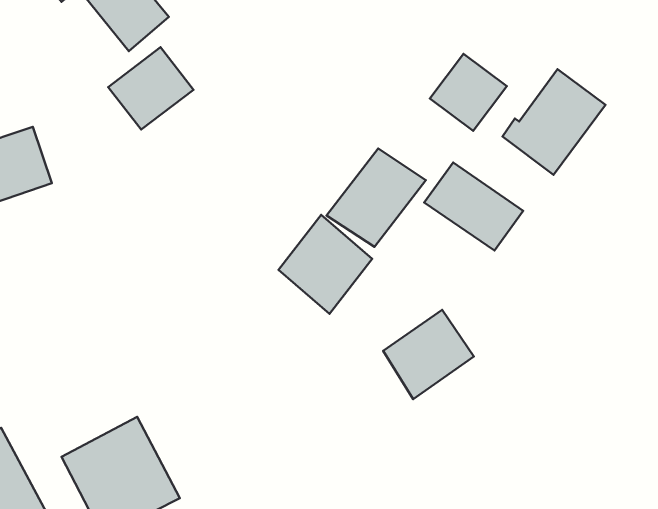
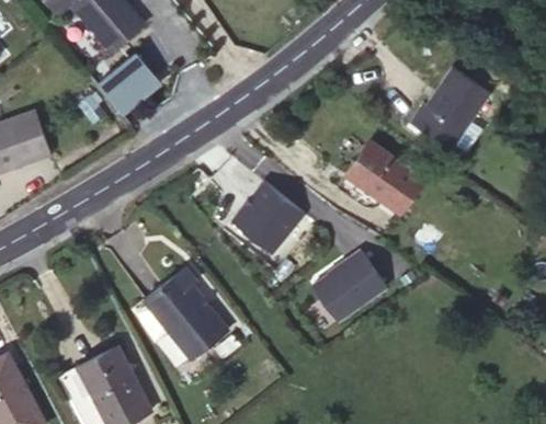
building: [430,54,507,131] -> none
building: [327,149,426,247] -> none
building: none -> [143,264,227,358]

